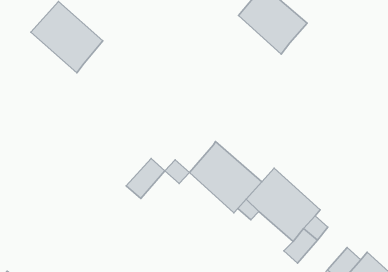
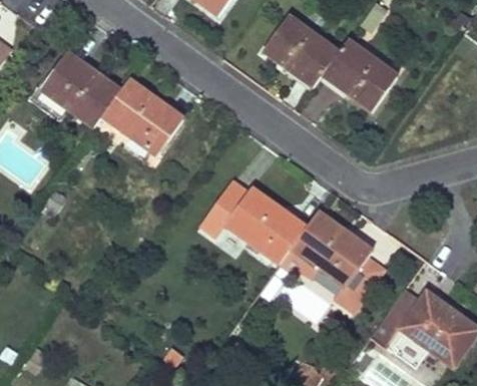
building: none -> [322,39,397,109]
building: none -> [101,79,182,155]
building: [126,159,165,198] -> [209,179,250,224]

